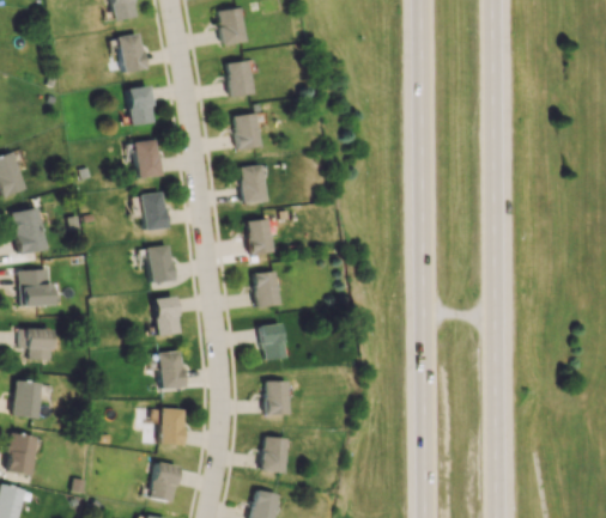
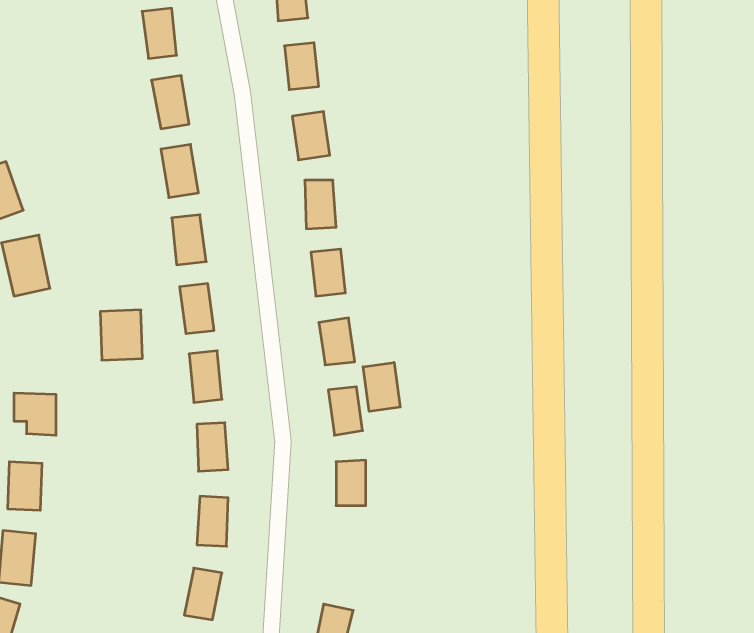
building: [19,269,51,307] -> [100,310,142,360]
building: none -> [363,362,400,411]
building: [262,438,286,473] -> none

